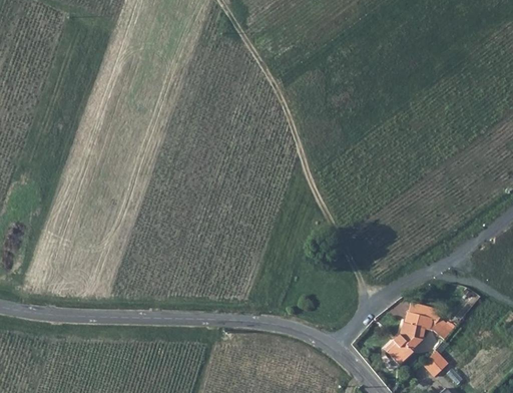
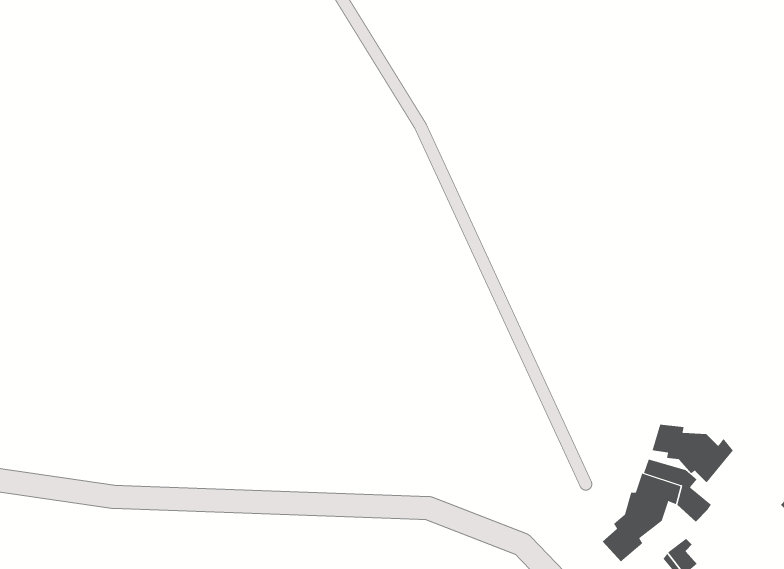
building: none -> [652,424,734,483]

